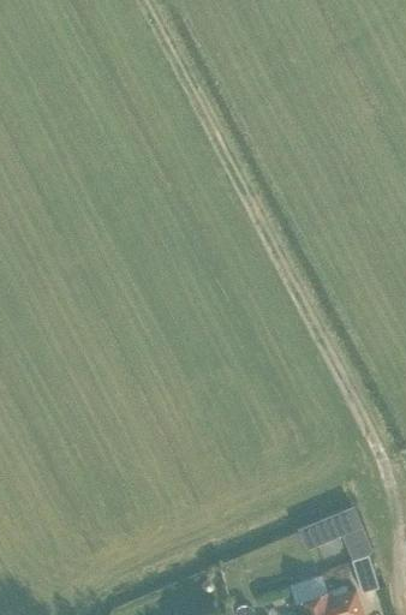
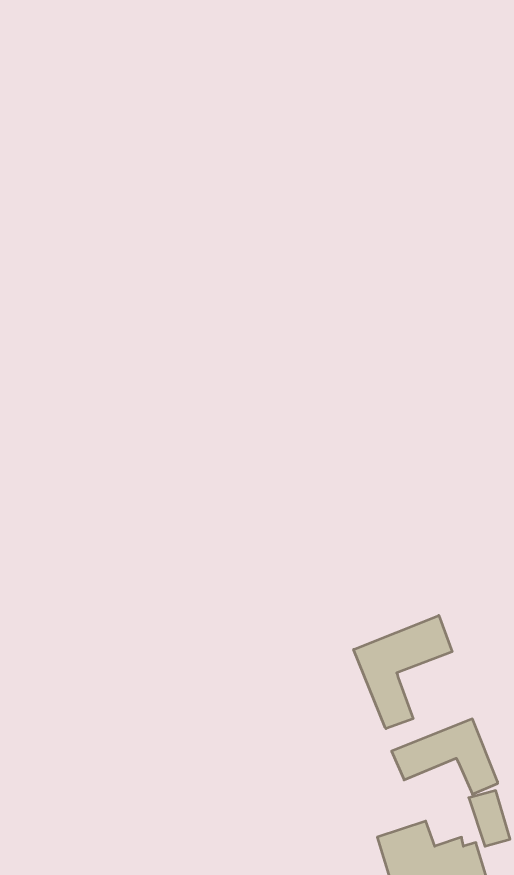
building: none -> [354,615,452,729]

